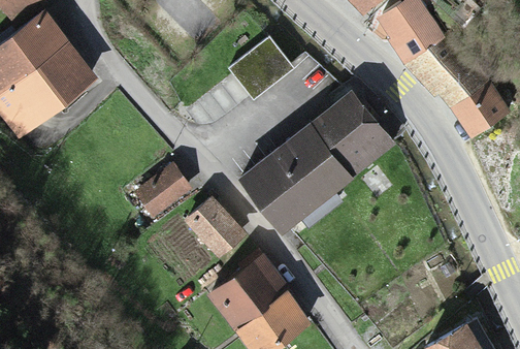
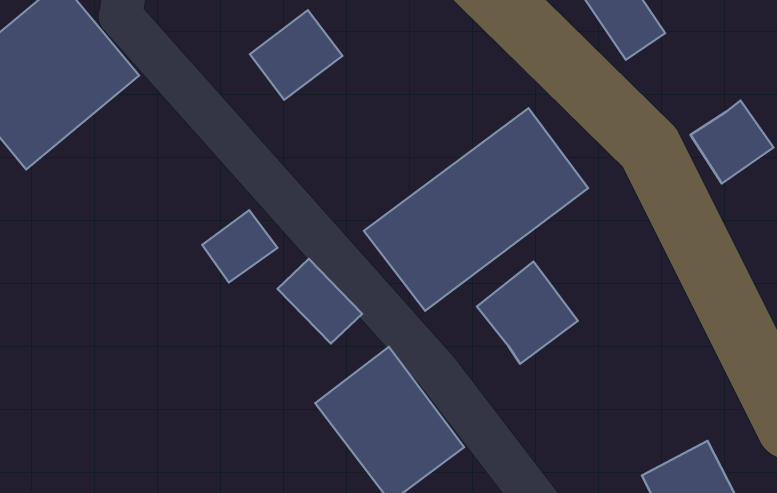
building: [232,42,293,101] -> [250,10,342,100]
building: [421,46,479,112] -> none
building: none -> [477,261,578,364]

